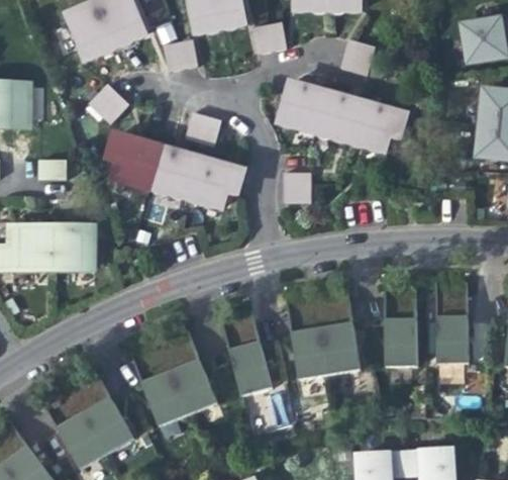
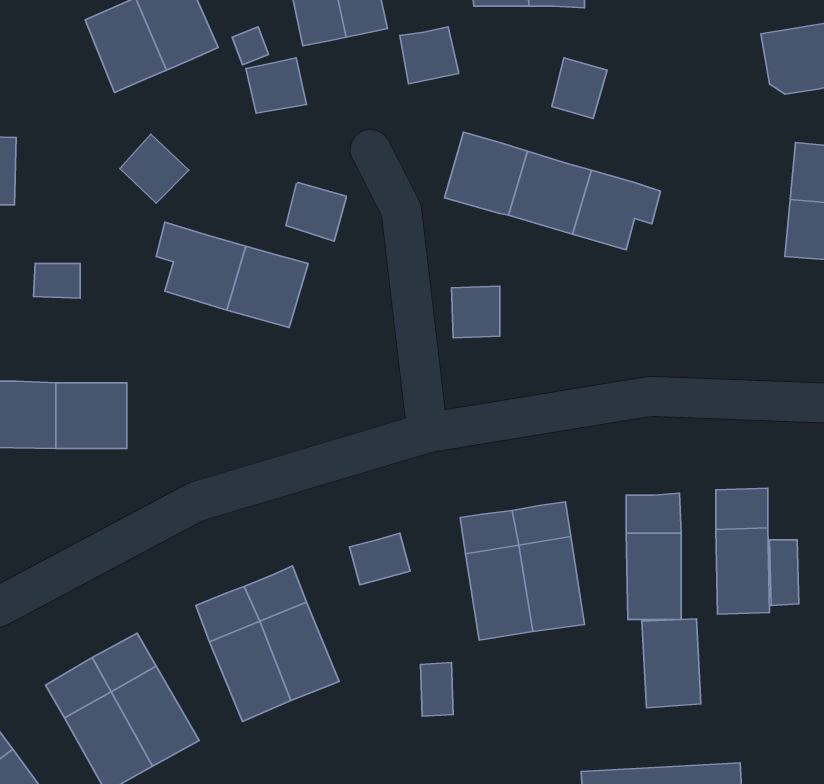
building: [187,160,242,207] -> none
building: [228,340,271,396] -> none
building: none -> [642,619,701,708]

